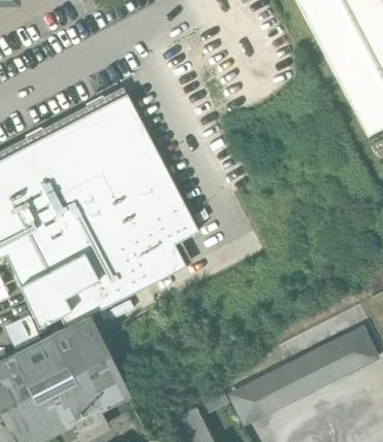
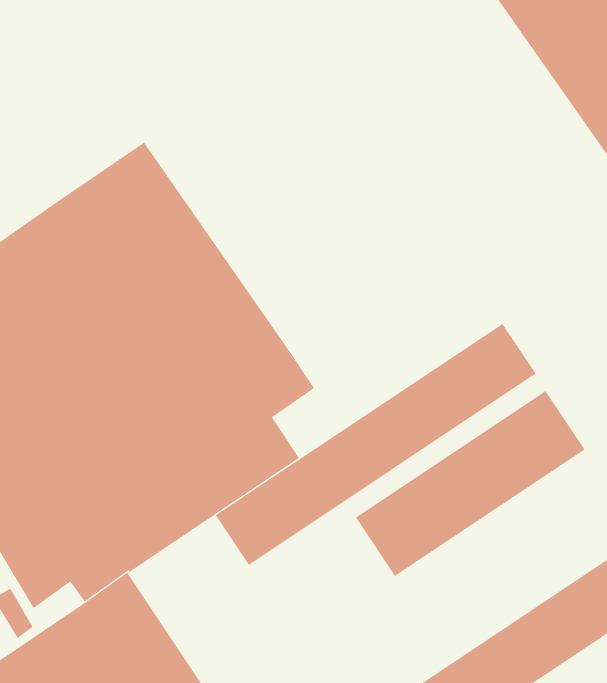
building: none -> [215,323,537,566]
building: none -> [355,390,585,577]

